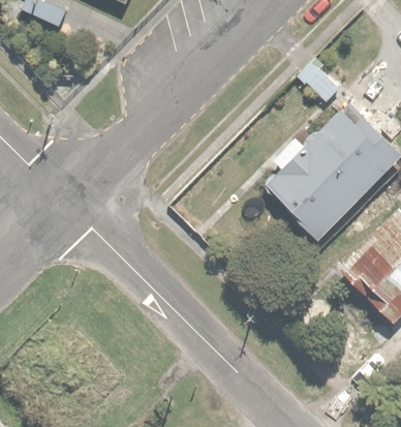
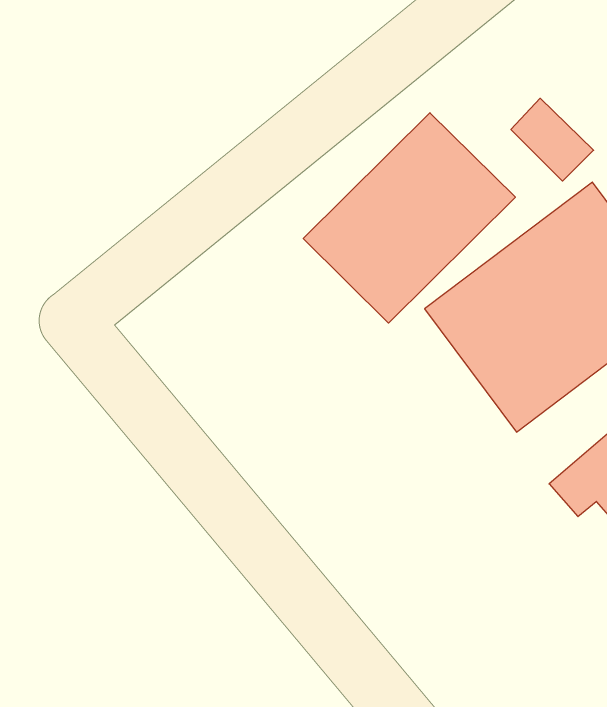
building: none -> [303,113,515,323]

